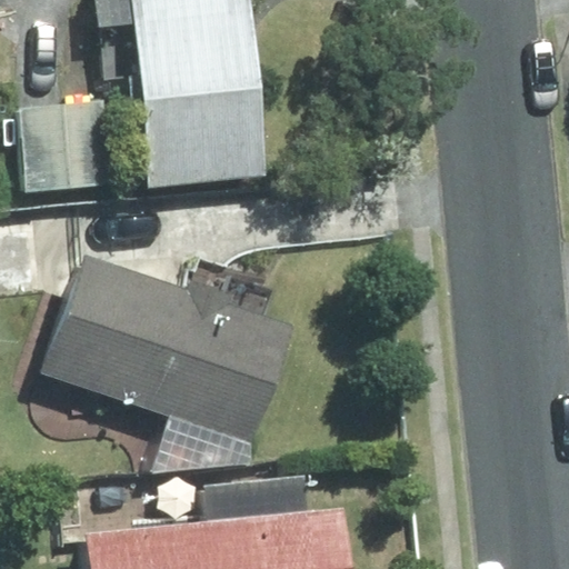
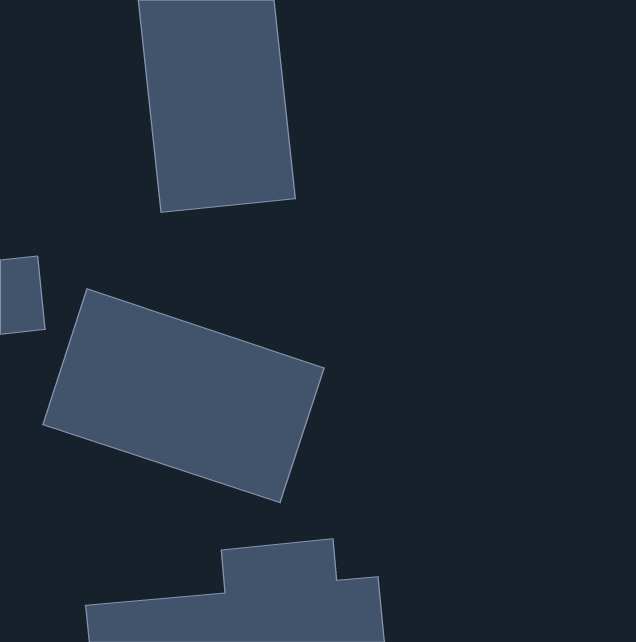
building: [21,102,112,192] -> none

